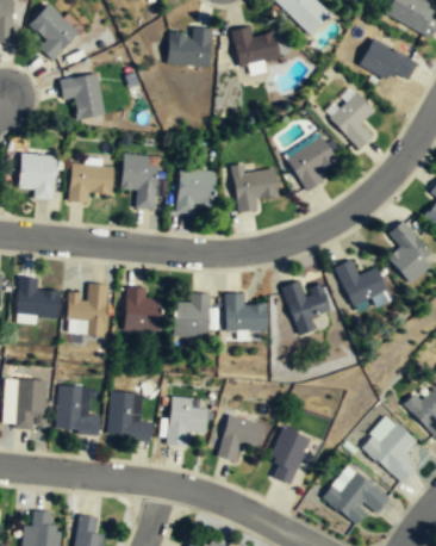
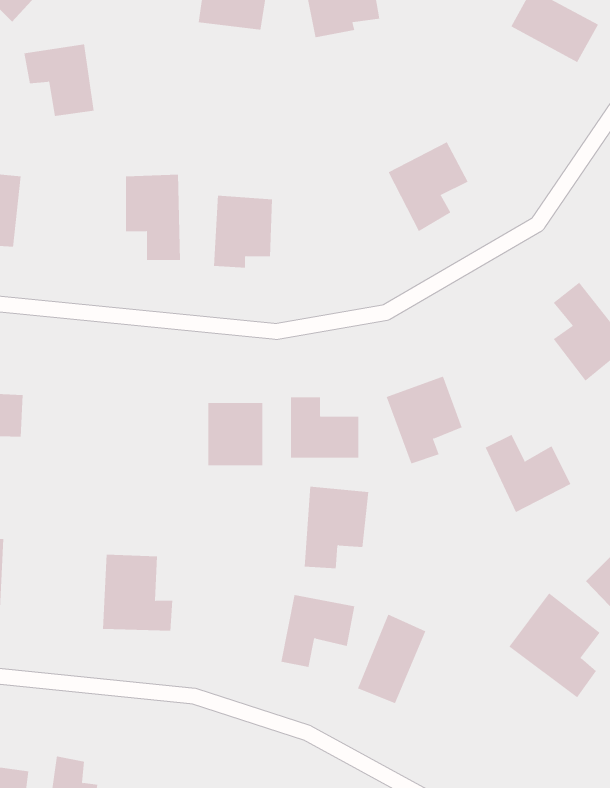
building: [329,93,374,151] -> none
building: [230,163,278,211] -> none
building: [71,166,113,201] -> none
building: [335,260,388,309] -> [485,434,571,513]
building: [67,281,107,335] -> none
building: [123,286,161,331] -> none
building: [58,386,99,433] -> none
building: [168,396,208,447] -> [304,486,369,569]
building: [322,464,391,523] -> none

